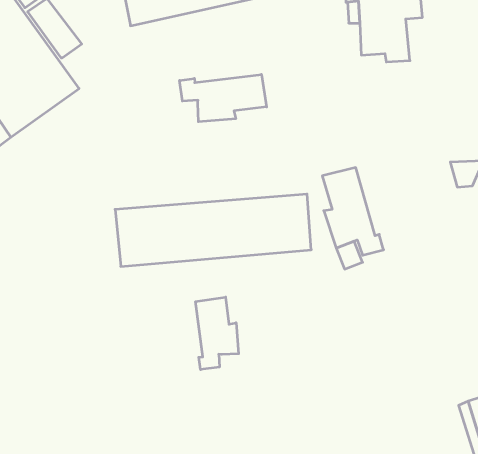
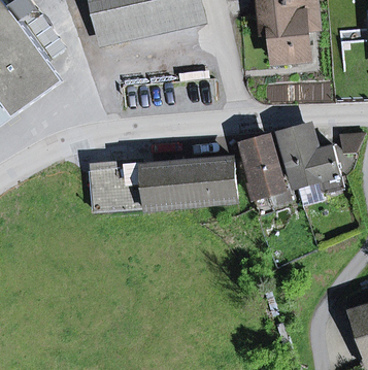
building: [180,74,267,122] -> none
building: none -> [281,127,342,190]
building: [196,297,239,370] -> none

